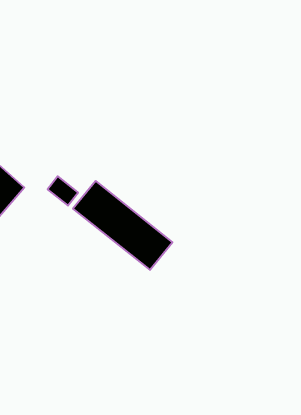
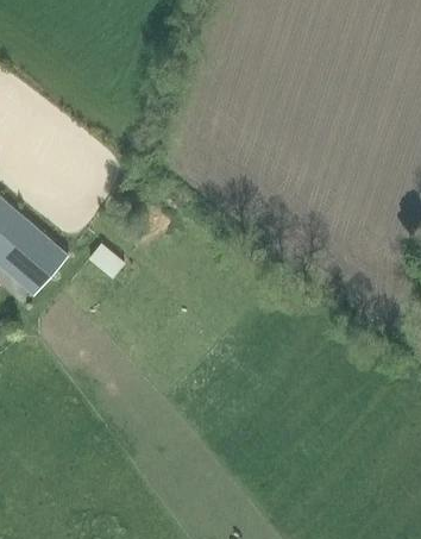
building: [73,181,172,270] -> none

